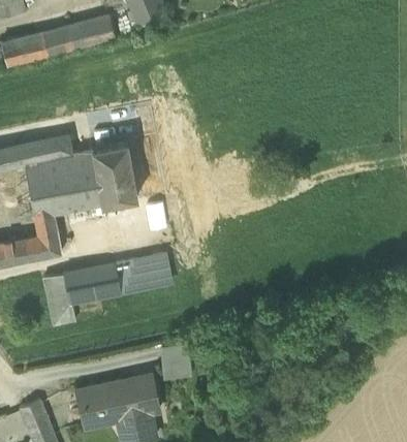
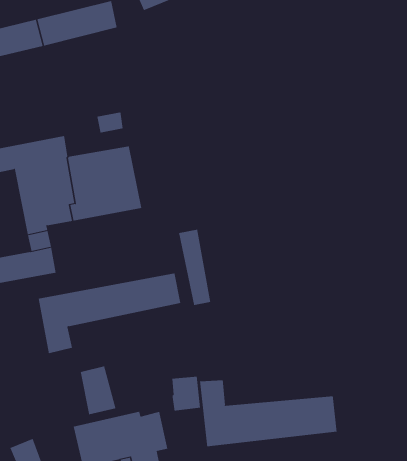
building: none -> [179,229,211,306]
building: none -> [80,366,116,415]
building: none -> [199,380,337,447]

